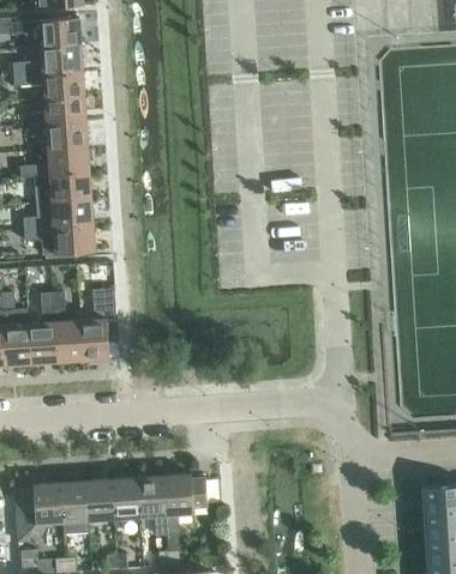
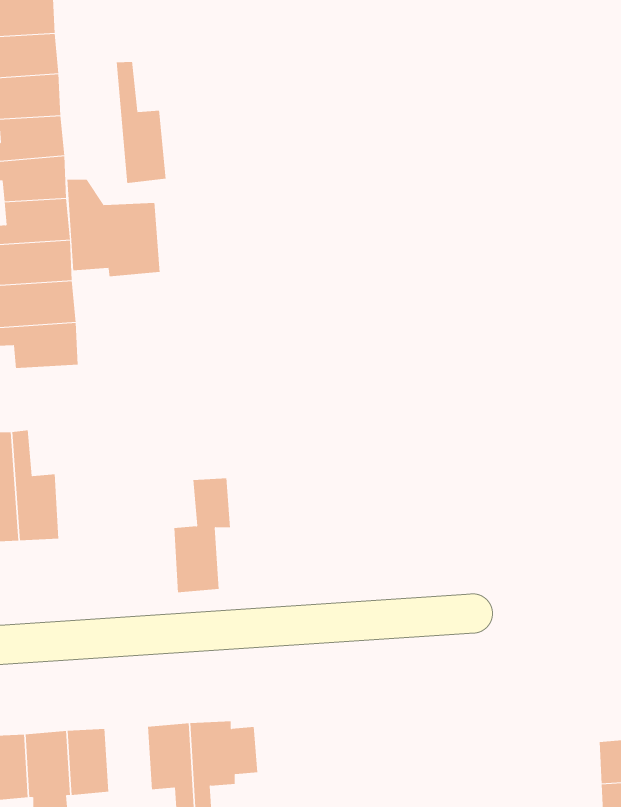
building: none -> [116,61,166,184]
building: none -> [67,179,160,277]
building: [80,289,116,361] -> [173,478,231,593]
building: [112,478,140,519] -> none

